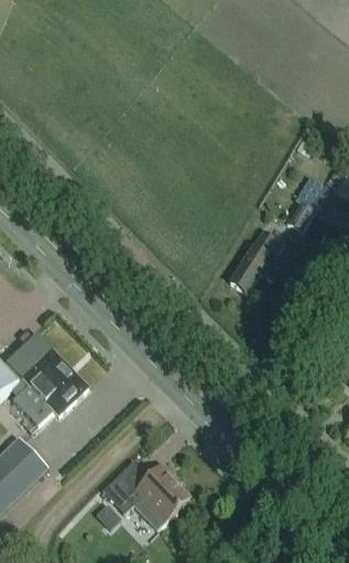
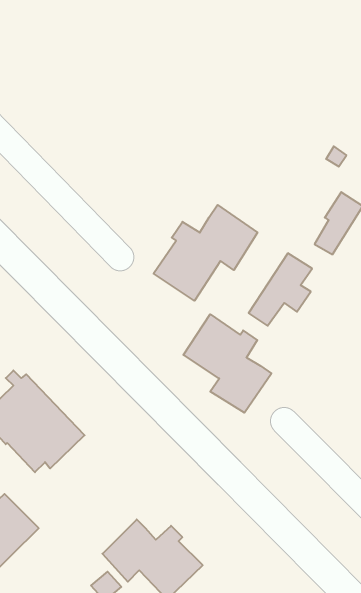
building: none -> [154,205,257,301]
building: none -> [183,314,271,413]

